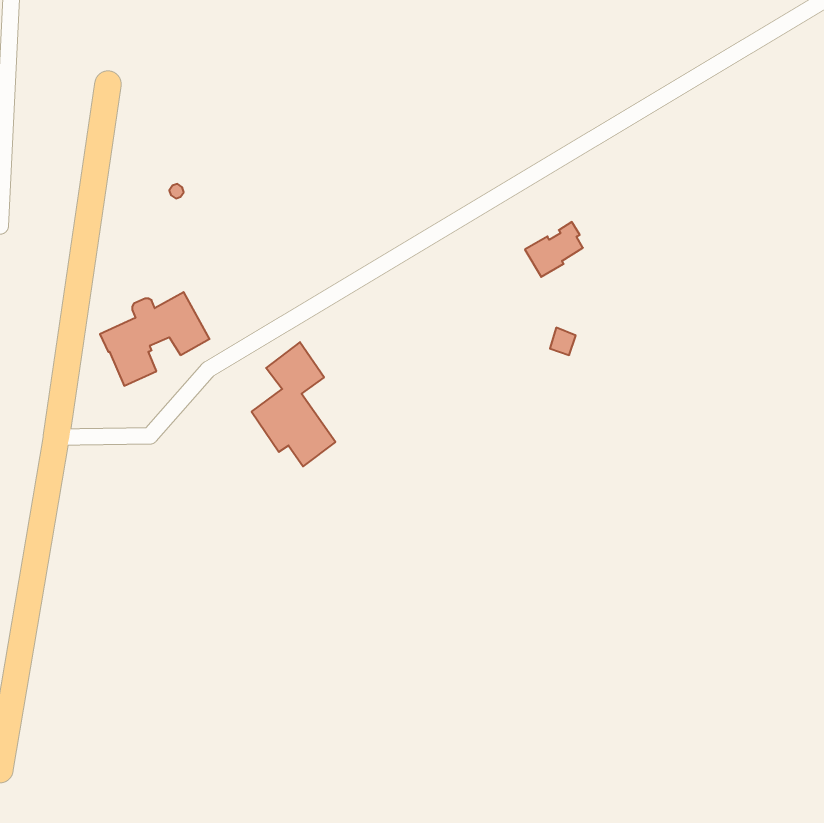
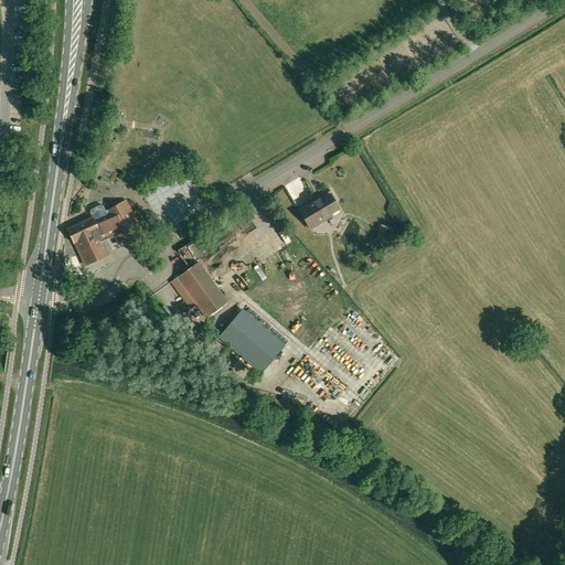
building: [525,222,583,277] -> [299,190,339,227]
building: none -> [218,310,284,373]

